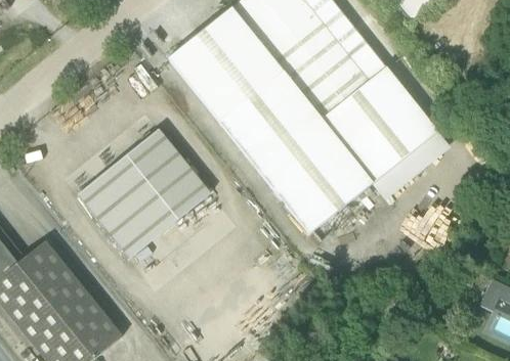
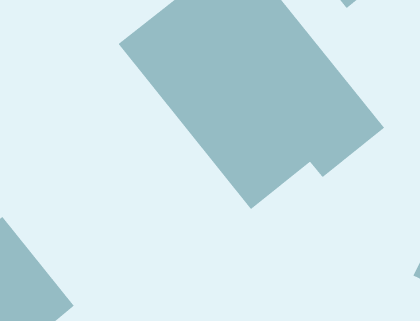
building: [76,128,209,259] -> none

